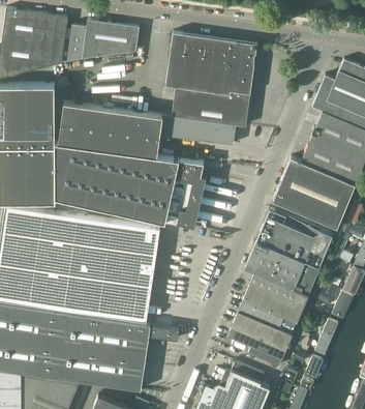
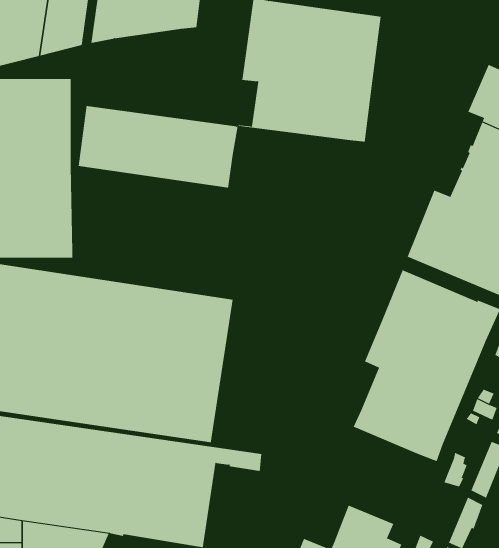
building: [160,116,236,145] -> none
building: [55,142,208,228] -> none
building: [227,312,293,367] -> none

